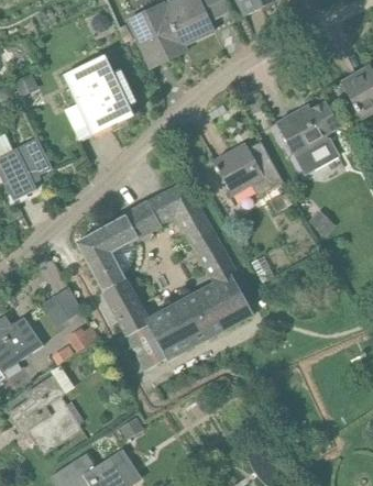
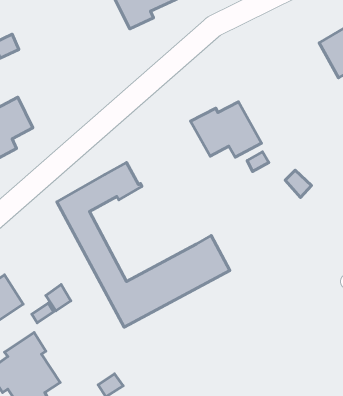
building: [64,55,134,140] -> none
building: [276,100,340,175] -> none
building: [147,183,257,311] -> none
building: [45,283,84,320] -> none

